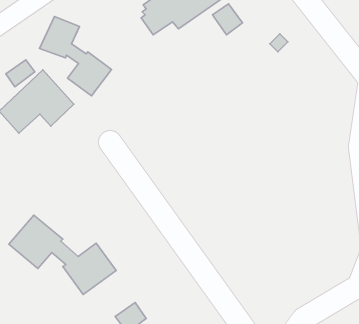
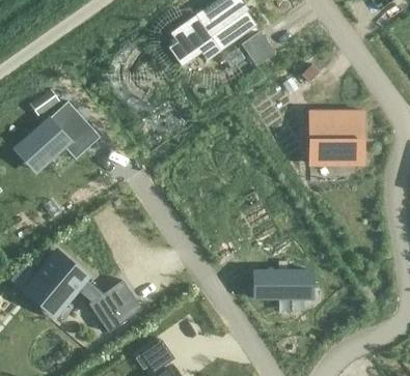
building: [39,17,112,96] -> none
building: none -> [309,111,361,163]
building: none -> [254,271,309,298]

